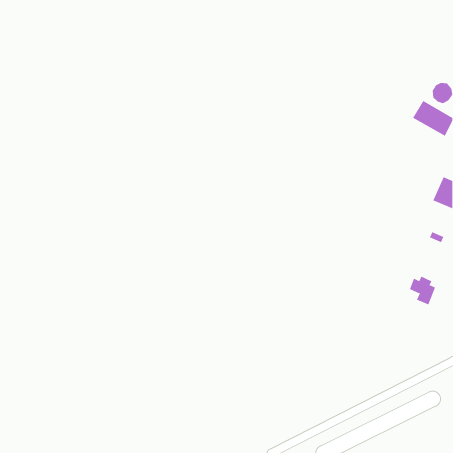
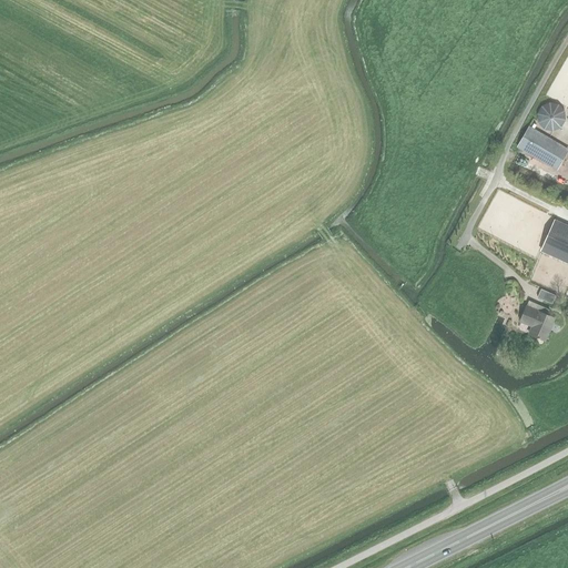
building: [409,276,436,305] -> [520,304,554,341]

